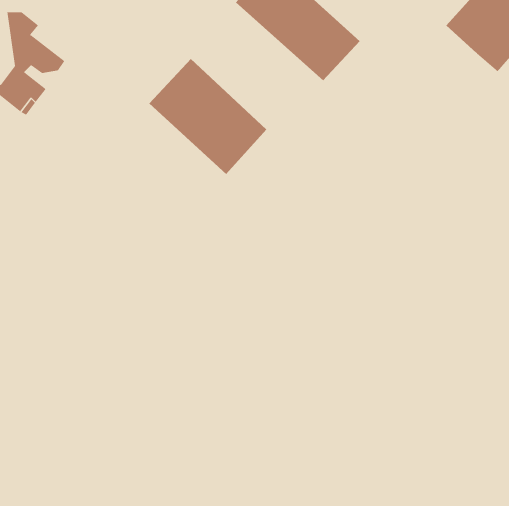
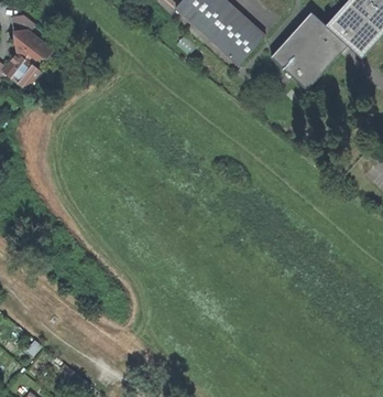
building: none -> [269,13,346,90]
building: [148,58,267,175] -> none

